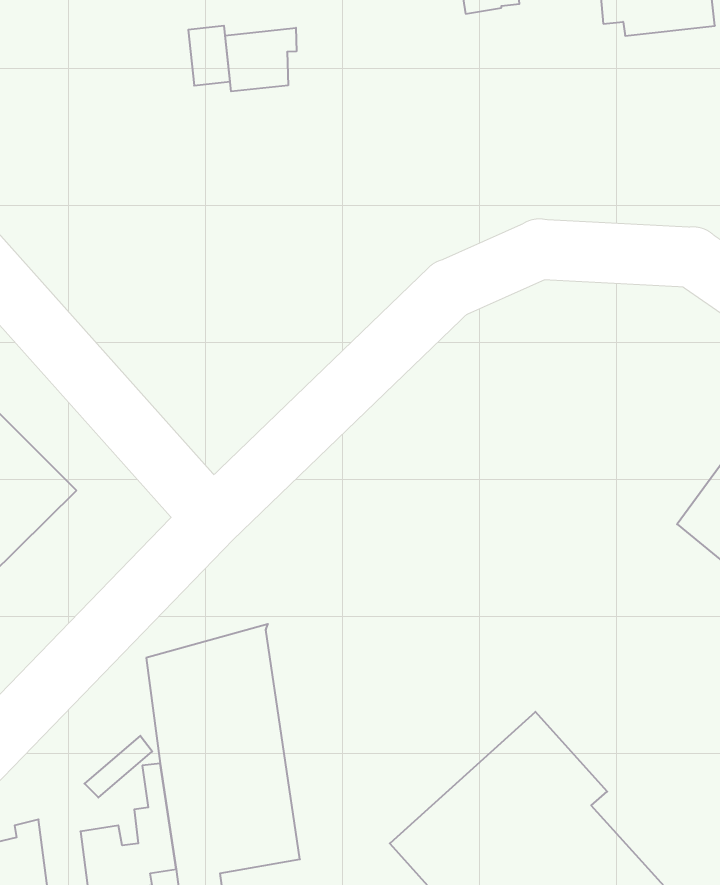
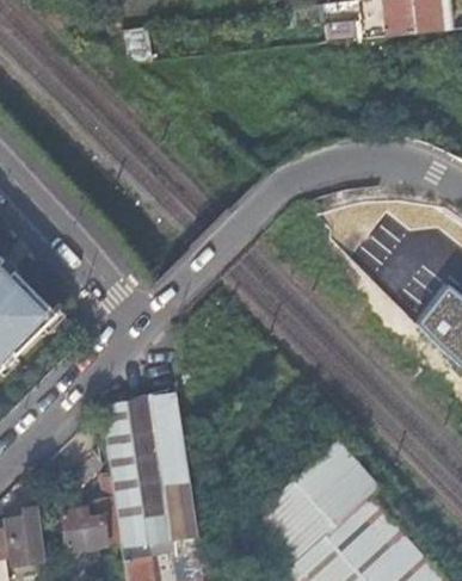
building: [225,28,296,91] -> none

